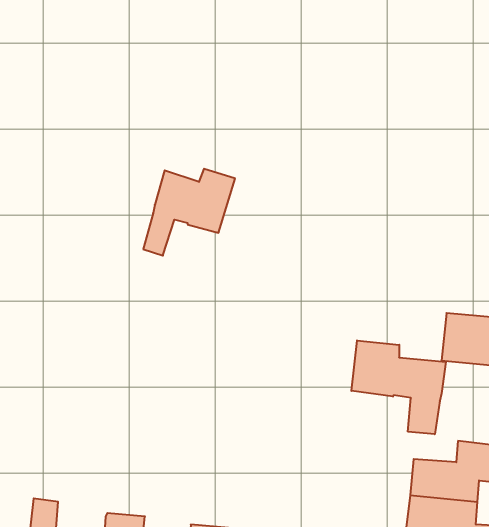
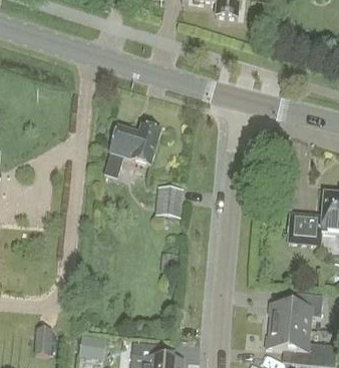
building: none -> [158,187,182,217]
building: [351,340,446,434] -> none

